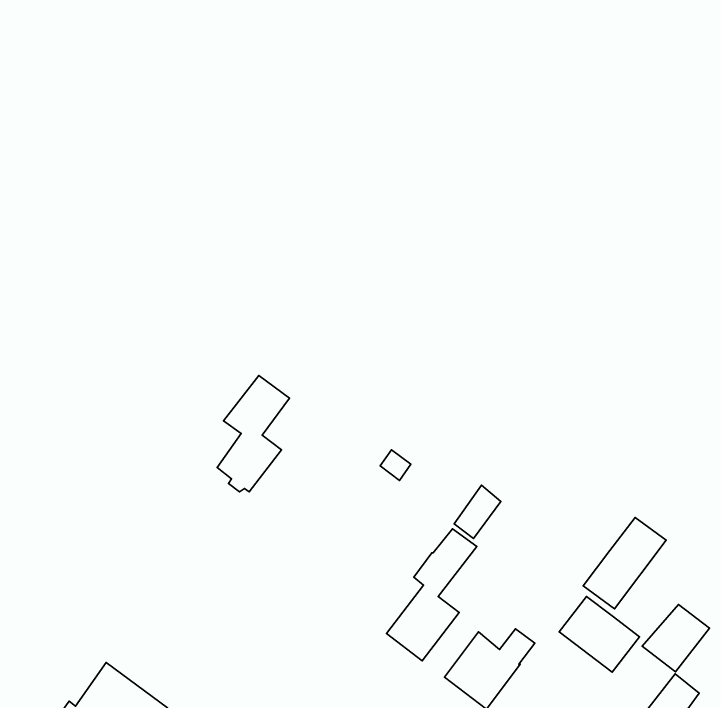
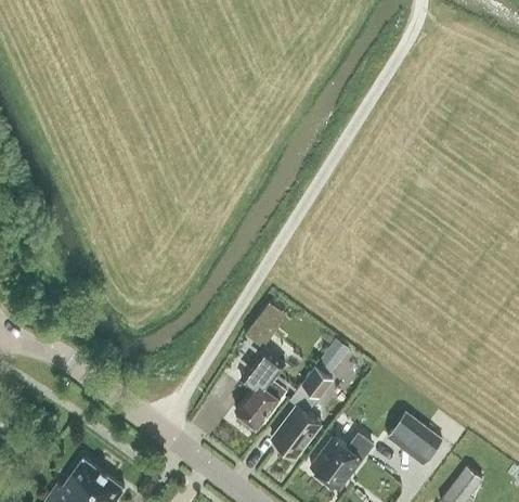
building: [217,376,290,492] -> [236,349,285,427]
building: [583,517,666,609] -> none
building: [642,604,709,672] -> none

